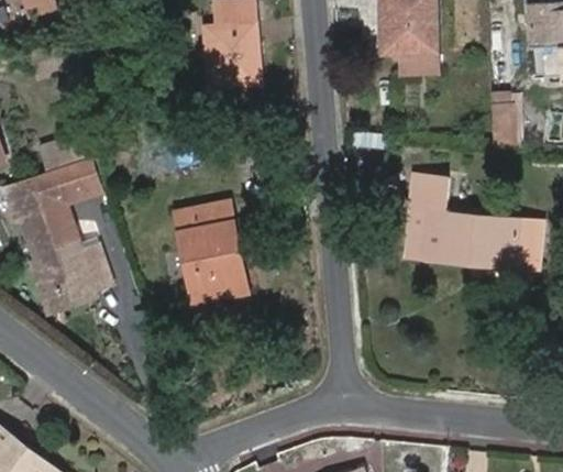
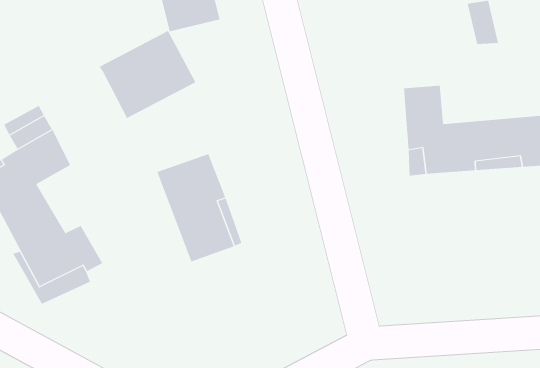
building: none -> [99,30,196,119]

